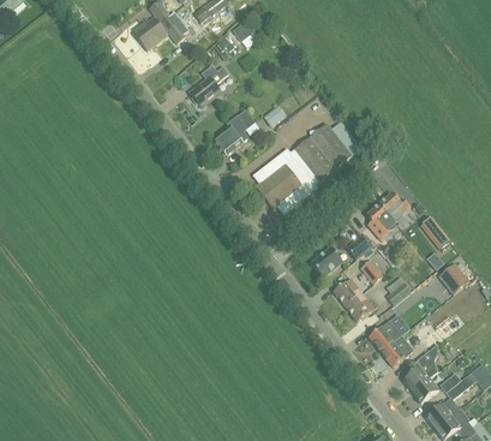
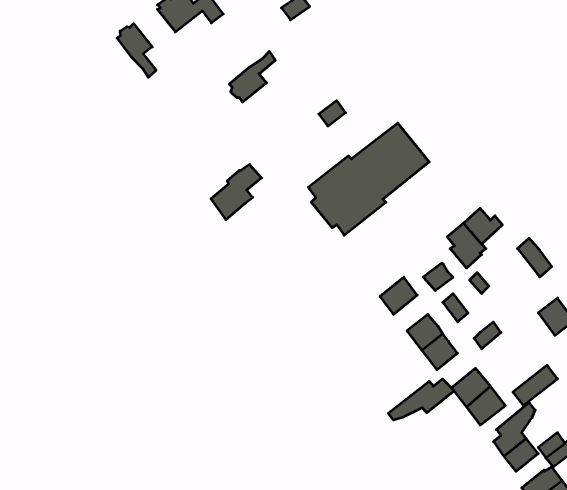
building: none -> [117,24,156,77]
building: [215,111,256,155] -> [211,164,262,220]
building: none -> [388,379,454,420]

